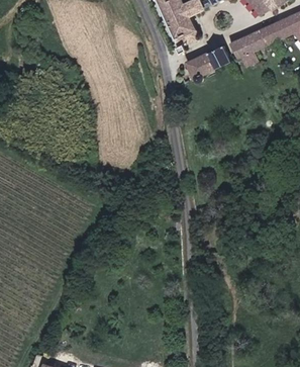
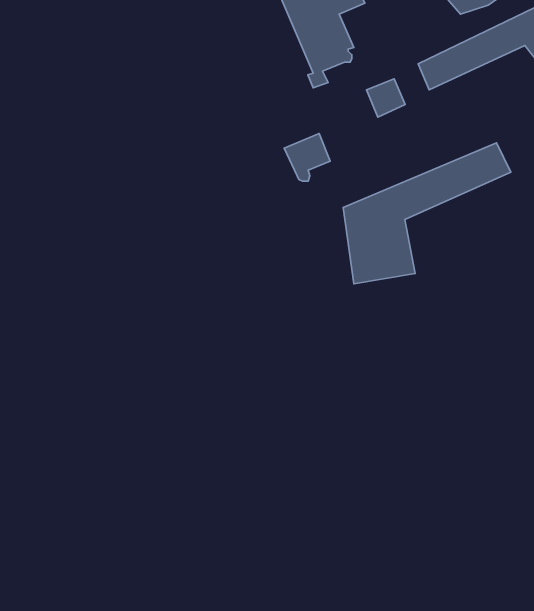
building: [186,56,211,82] -> [284,133,330,181]
building: none -> [343,143,511,284]

